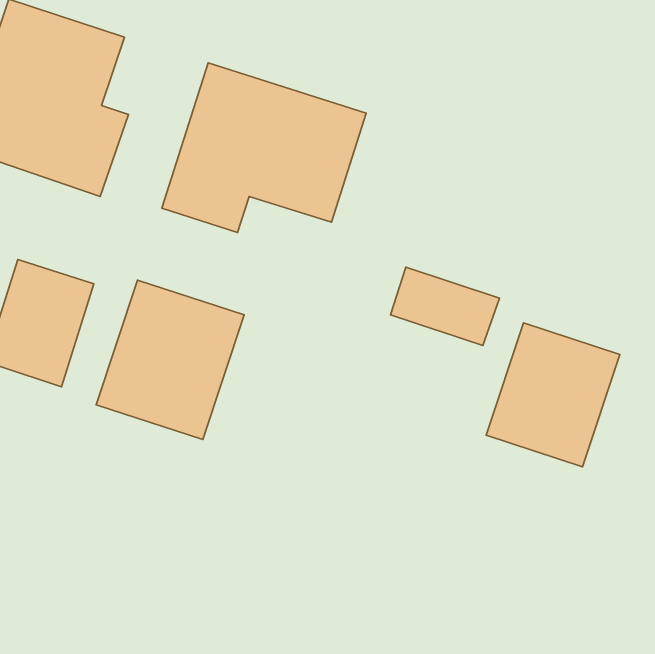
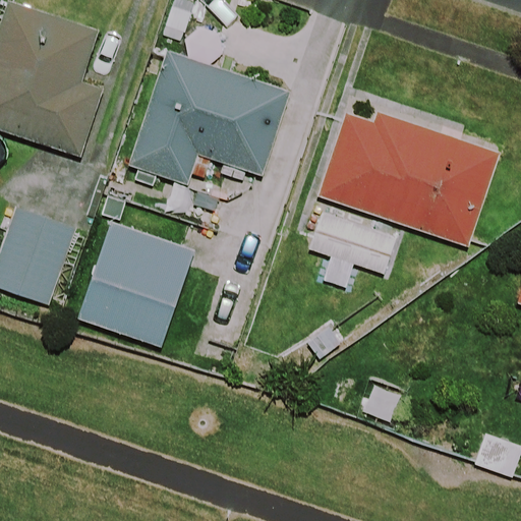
building: none -> [316,110,500,246]
building: [486,323,620,467] -> none

